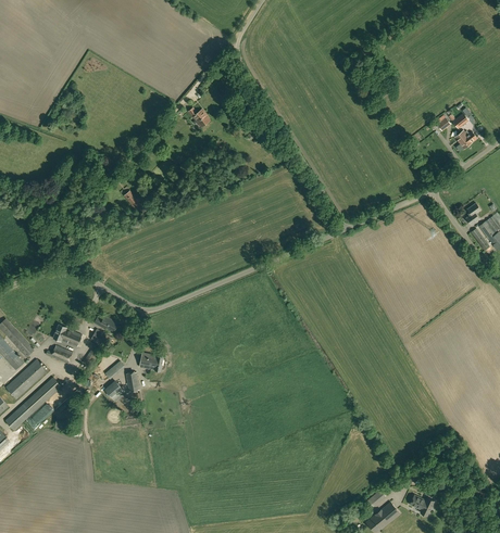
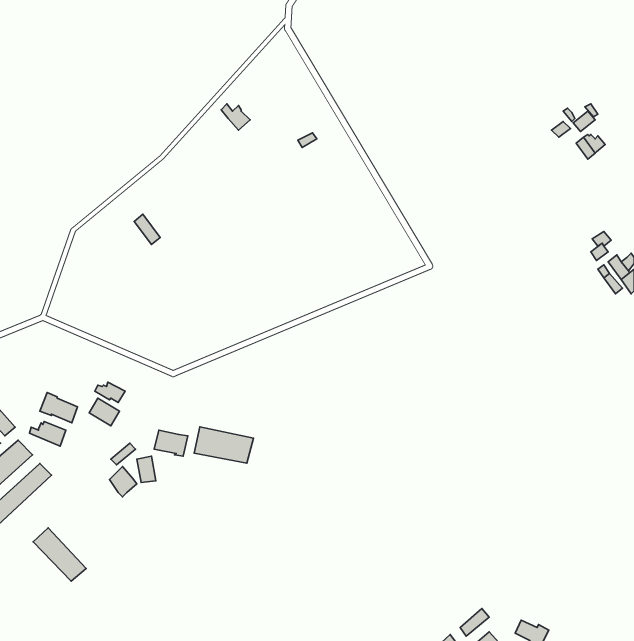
building: none -> [194,427,253,463]
building: none -> [33,528,86,581]

